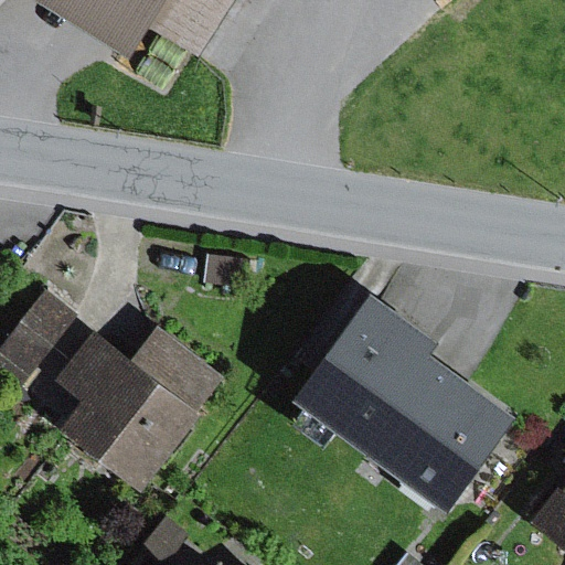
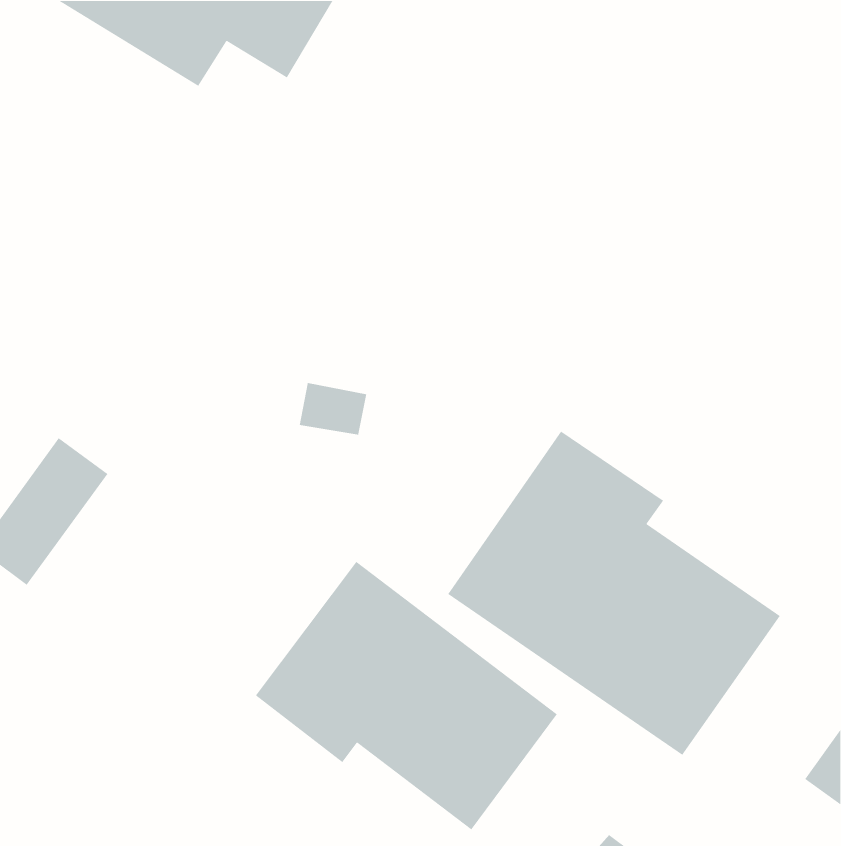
building: [51,328,222,489] -> none
building: none -> [255,561,558,831]

